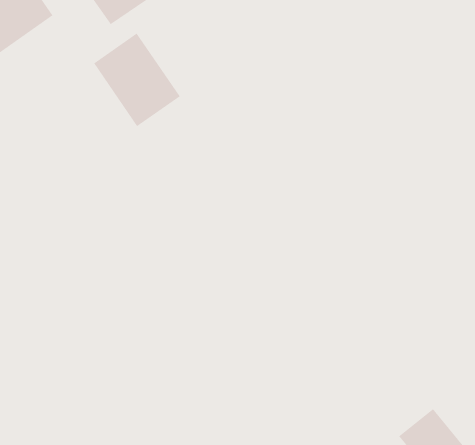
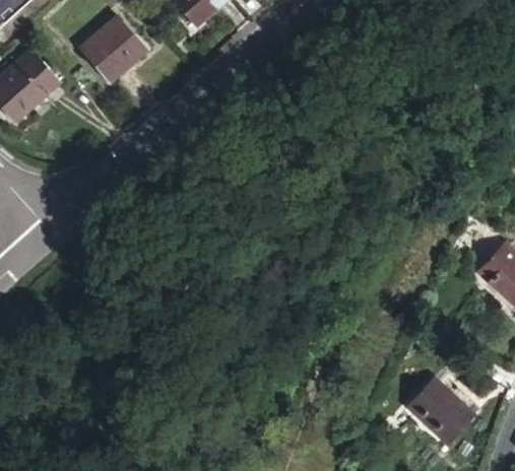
building: [93,32,181,127] -> none

